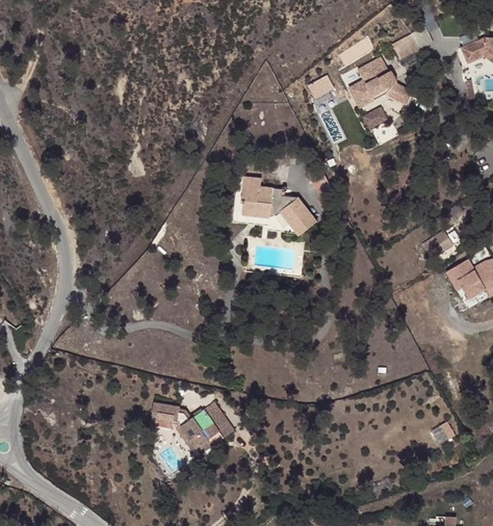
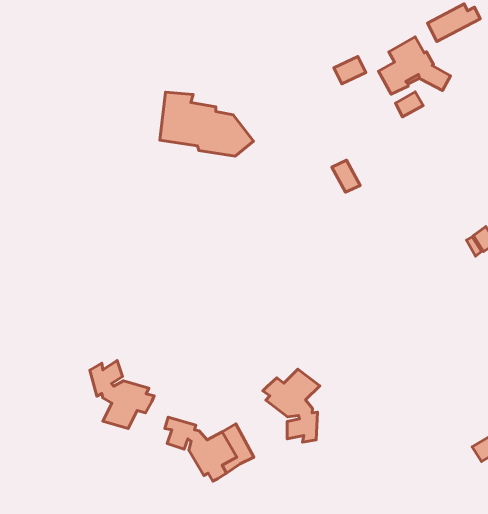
building: [228,174,313,232] -> [160,92,254,156]
building: none -> [90,361,154,429]
building: none -> [263,369,320,442]

